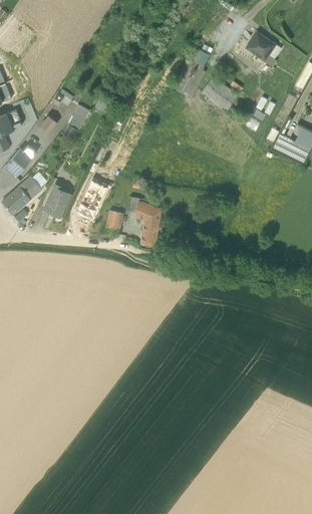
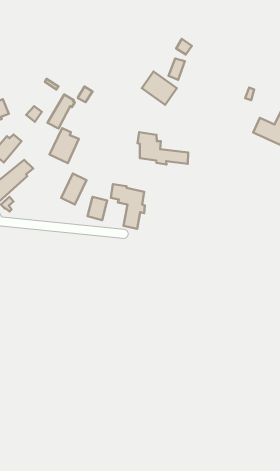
building: [244,29,281,65] -> none
building: [203,74,239,108] -> [142,72,177,105]
building: none -> [138,132,188,164]
building: [41,184,71,220] -> [49,128,79,163]

